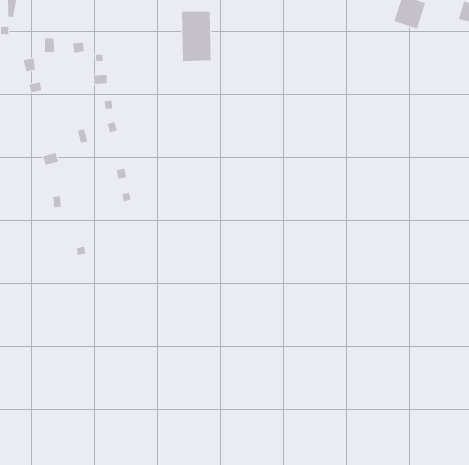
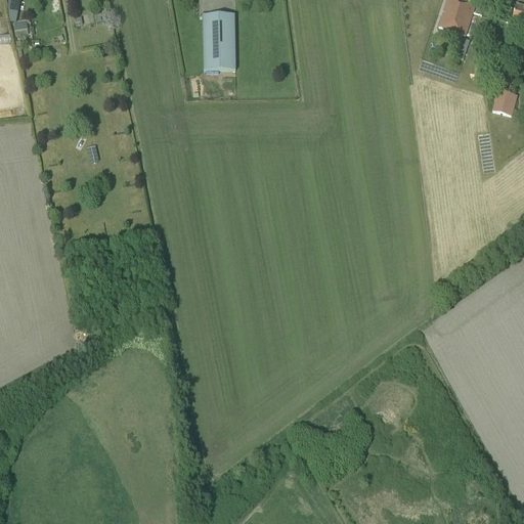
building: none -> [492,83,517,114]

